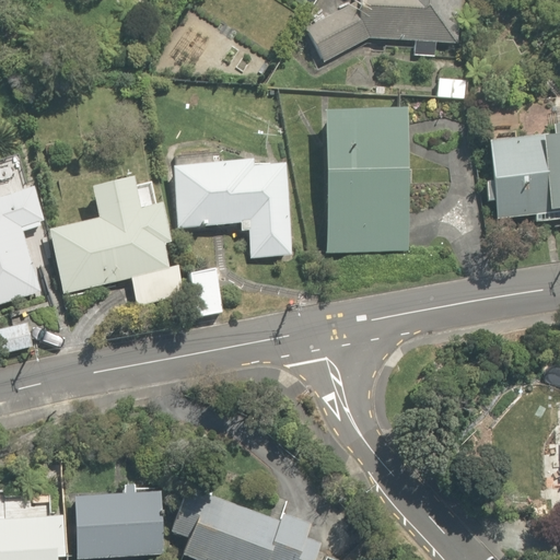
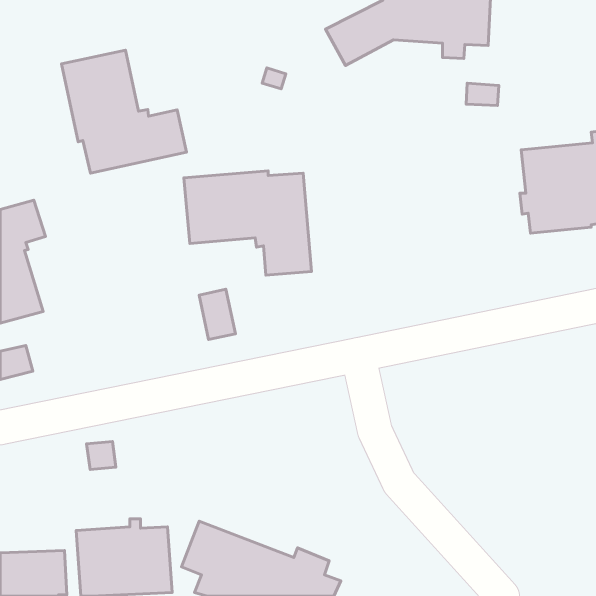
building: none -> [61,50,187,173]
building: [323,108,410,252] -> none
building: [51,178,184,305] -> none

